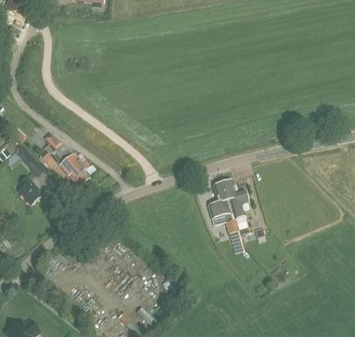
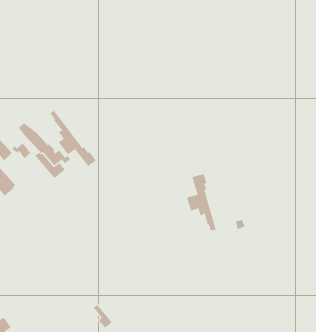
building: none -> [50,110,96,167]
building: [224,179,248,236] -> none

